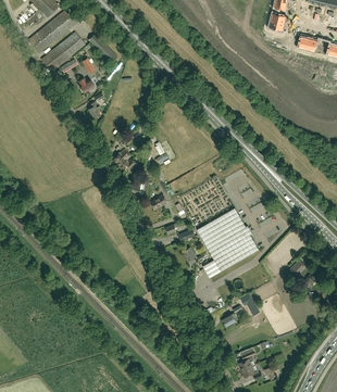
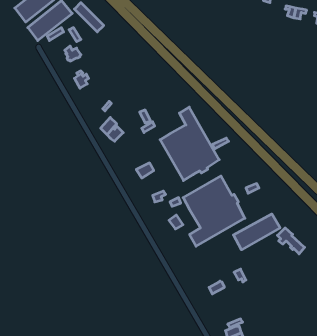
building: none -> [160,107,219,181]
building: none -> [233,214,280,250]

